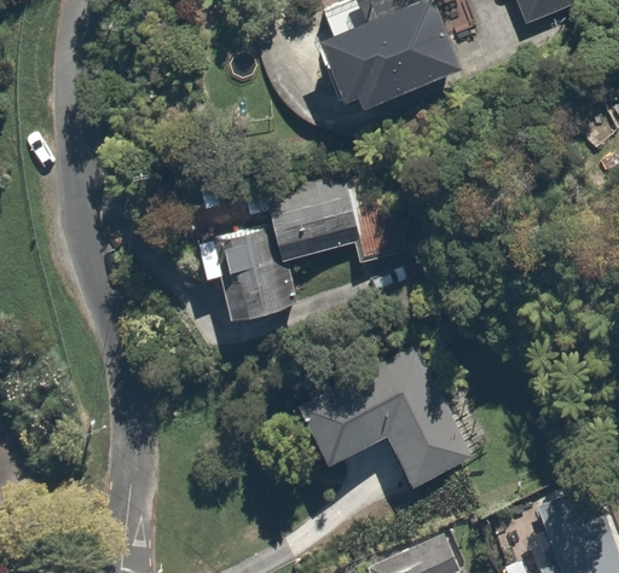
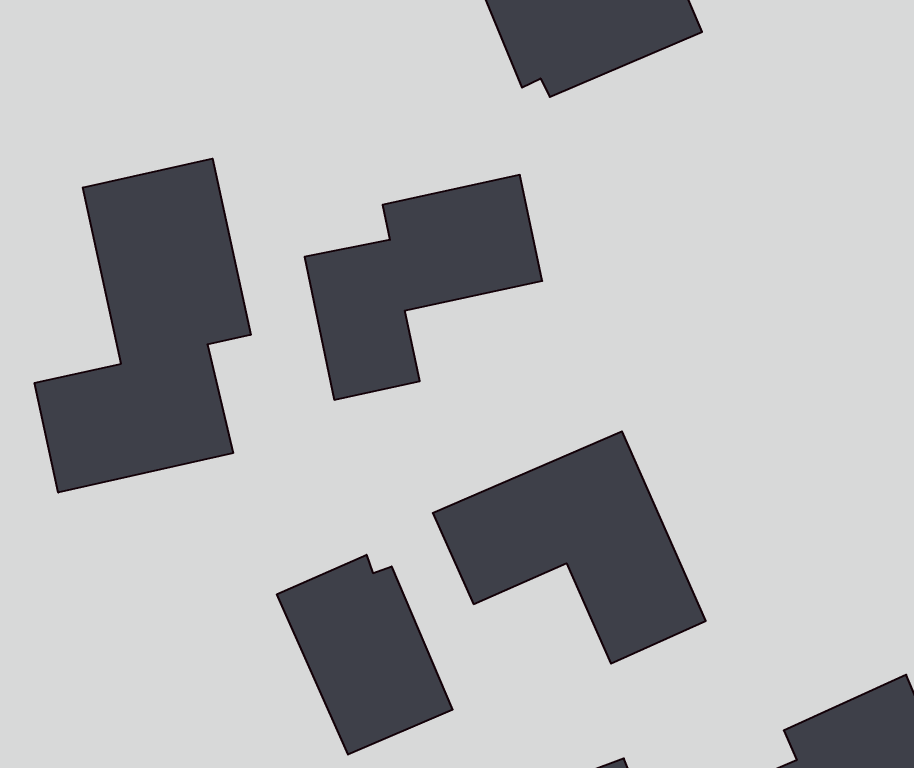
building: none -> [35,159,251,493]
building: none -> [277,555,453,755]

